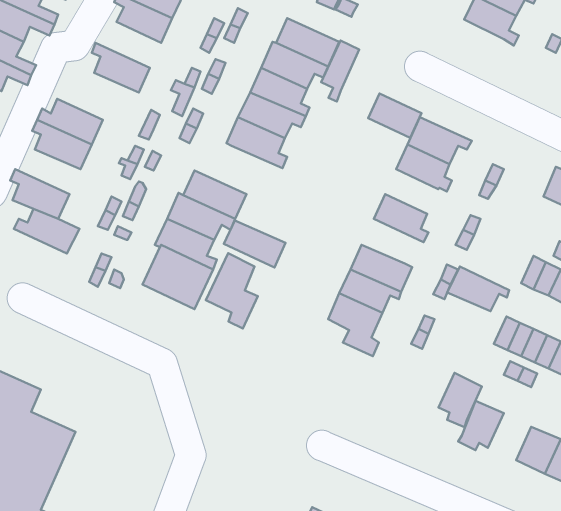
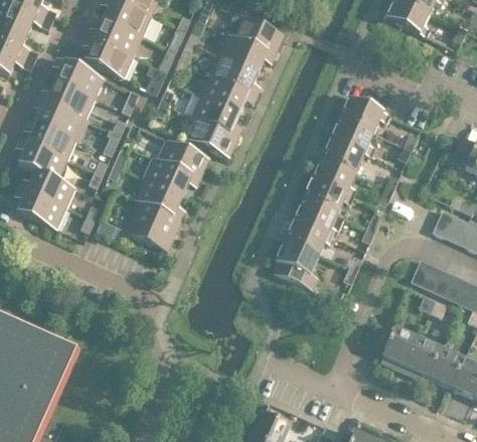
building: none -> [86,19,139,56]
building: [321,41,359,102] -> none
building: none -> [52,57,101,99]
building: [368,93,421,138] -> [321,139,364,175]
building: none -> [20,123,73,159]
building: [224,220,286,267] -> [187,120,237,158]
building: none -> [15,187,62,229]
building: [206,253,258,328] -> none
building: [447,266,509,311] -> [302,179,352,215]
building: [439,373,482,427] -> [405,337,440,382]

